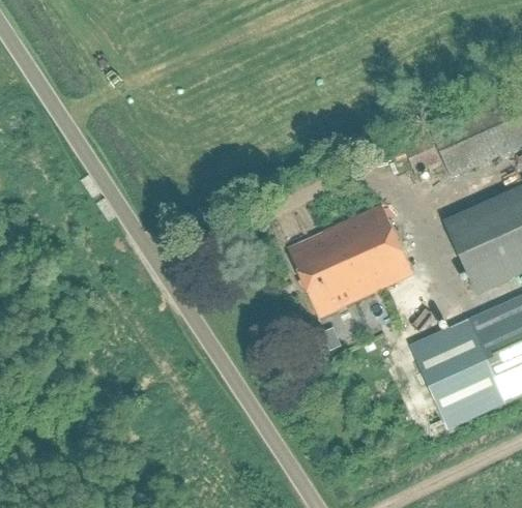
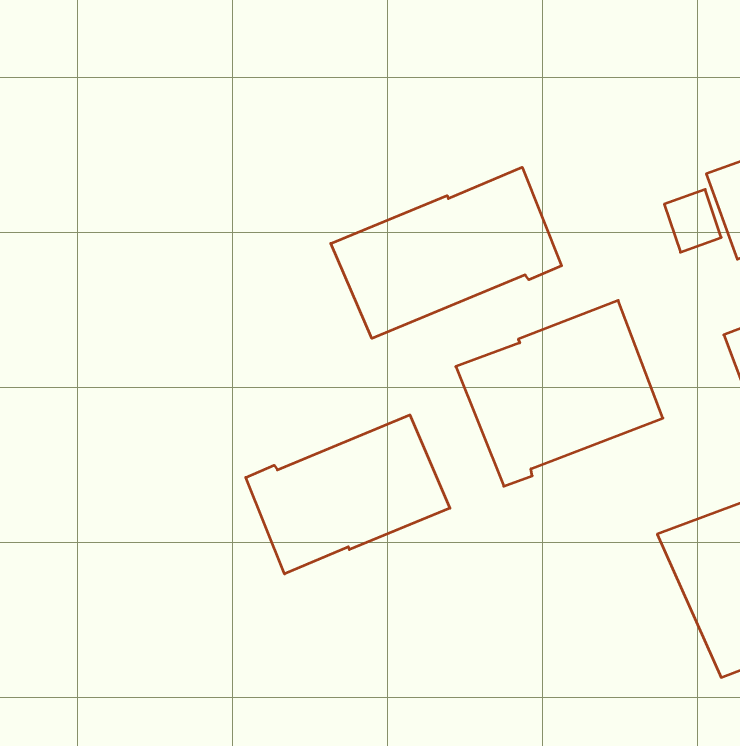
building: none -> [331,167,562,338]
building: none -> [246,415,450,574]

